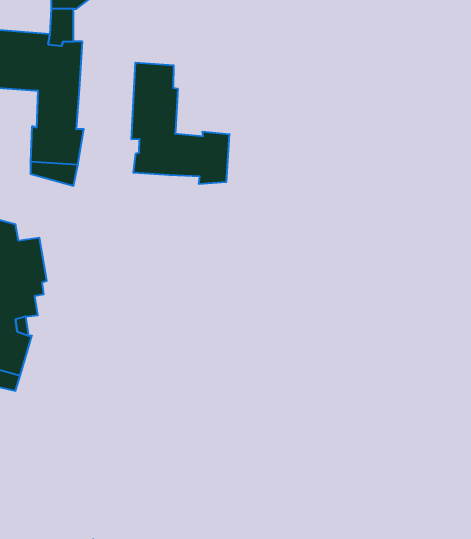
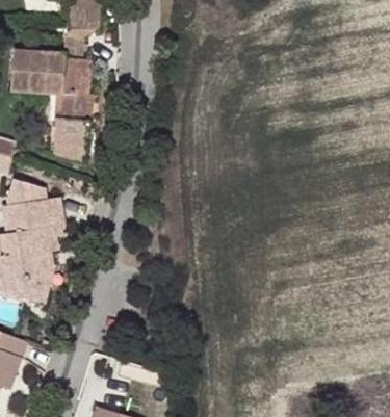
building: [132,63,229,184] -> none

